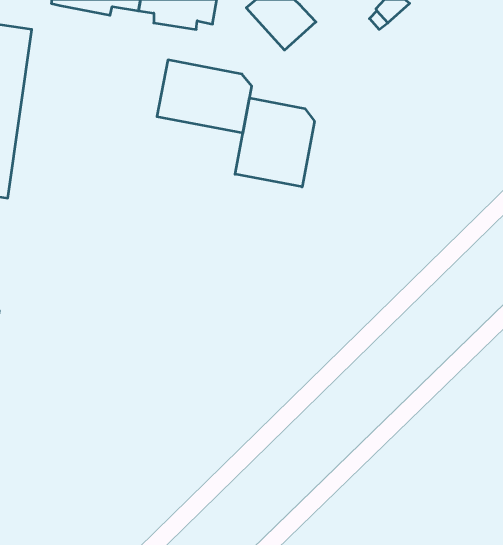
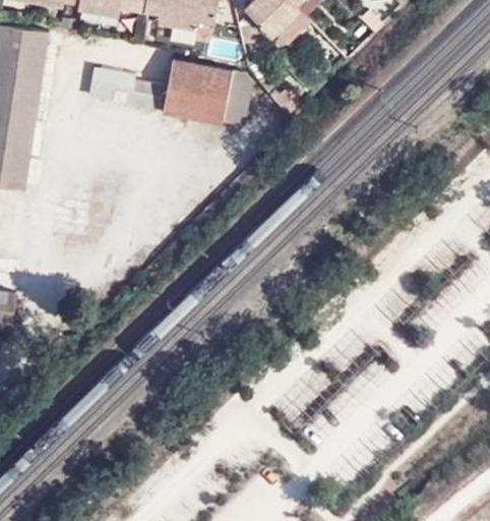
building: [235,98,314,187] -> none

